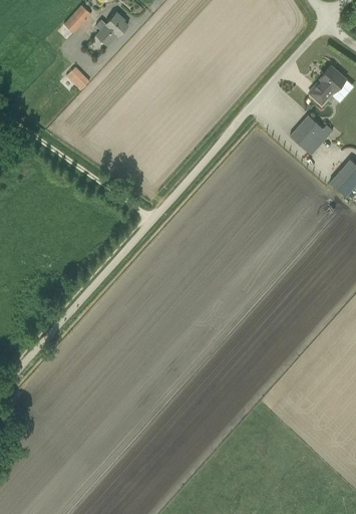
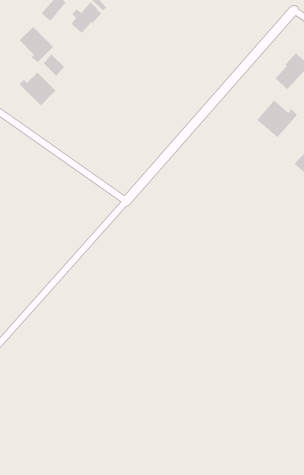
building: none -> [19,26,54,63]
building: none -> [19,72,56,106]

